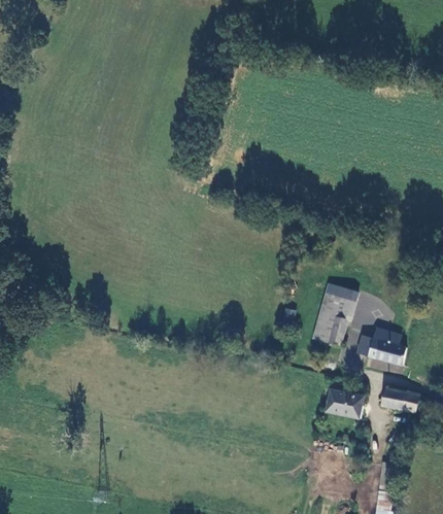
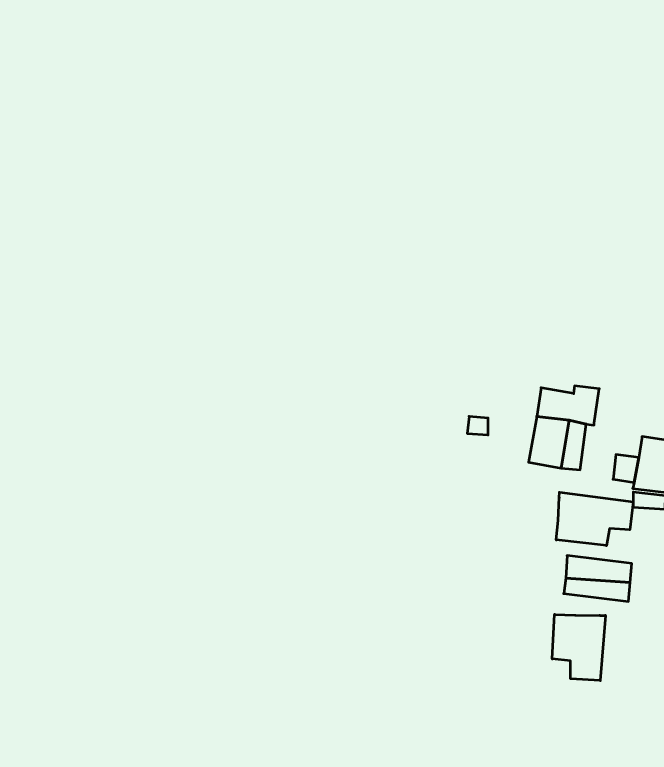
building: none -> [556,492,633,546]
building: none -> [552,614,605,681]

